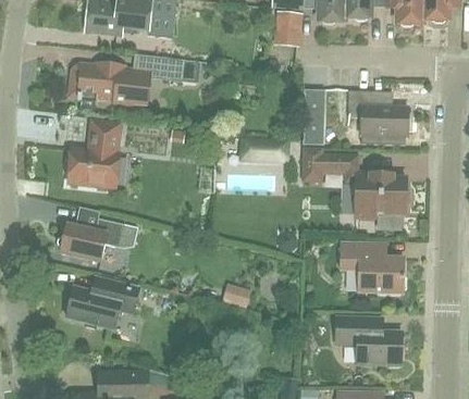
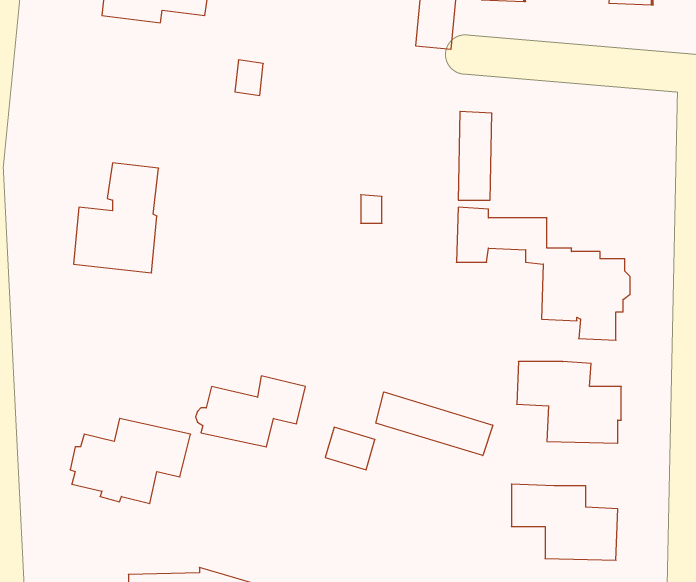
building: [70,61,150,109] -> none
building: [347,89,411,146] -> none
building: [57,216,124,260] -> [196,376,305,447]
building: none -> [376,392,493,456]

